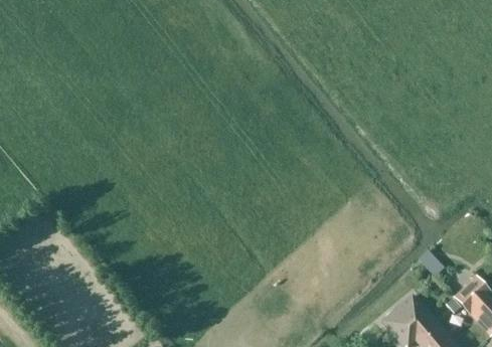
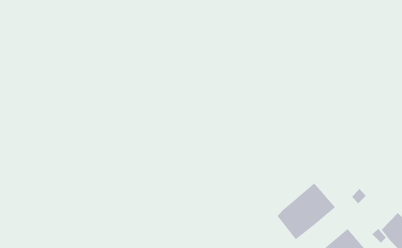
building: none -> [277,182,336,240]

